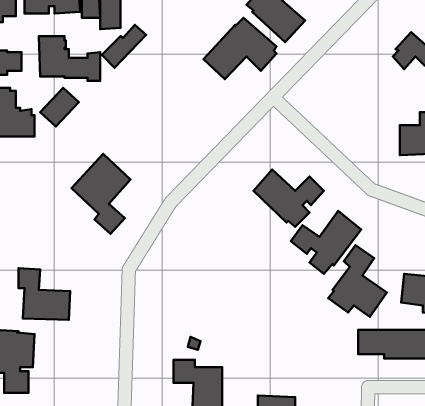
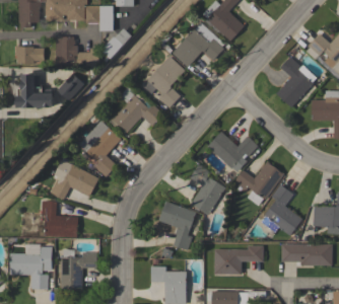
building: none -> [142,56,186,107]
building: none -> [276,57,318,107]
building: none -> [112,87,163,132]
building: none -> [50,160,99,199]
building: none -> [190,163,225,215]
building: none -> [158,201,196,250]
building: none -> [214,245,264,274]
building: none -> [62,249,96,288]

